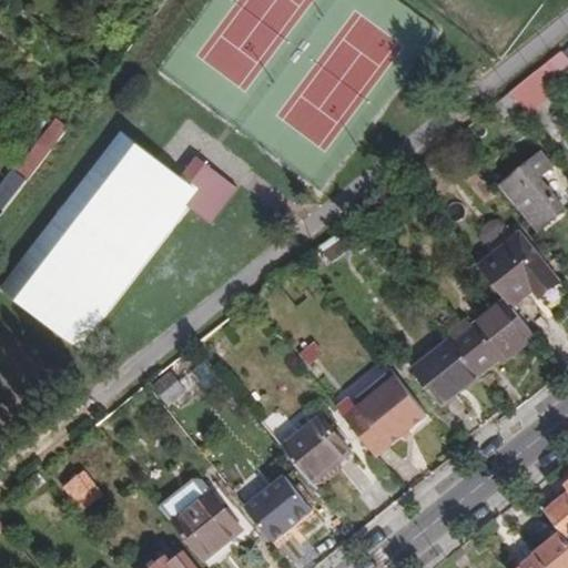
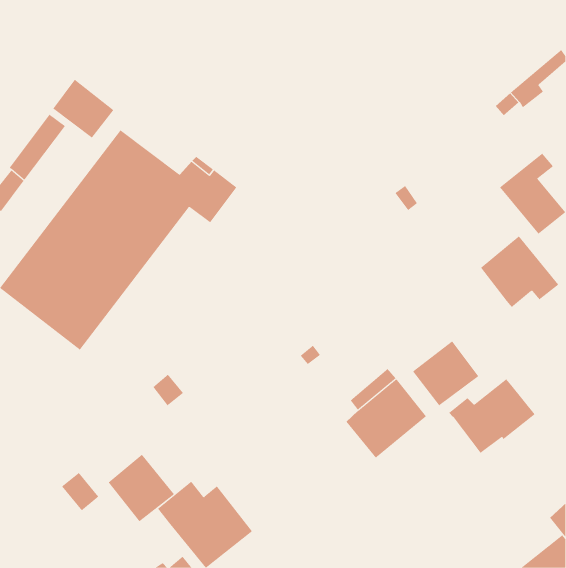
building: none -> [52,79,114,139]
building: [446,300,532,374] -> [448,378,535,453]
building: [281,416,349,484] -> none
building: none -> [108,454,175,522]
building: [244,476,310,541] -> none

